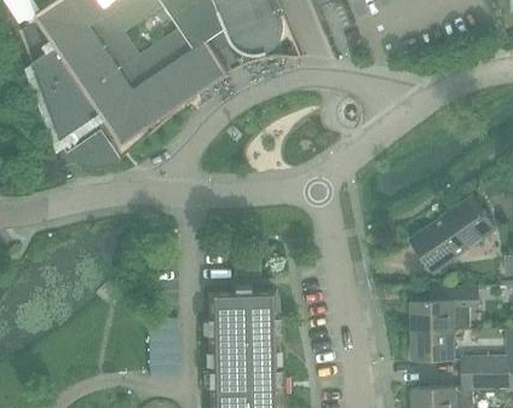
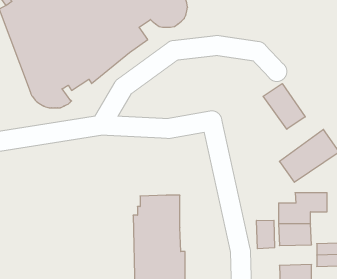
building: none -> [263,84,305,129]
building: none -> [257,220,275,249]

